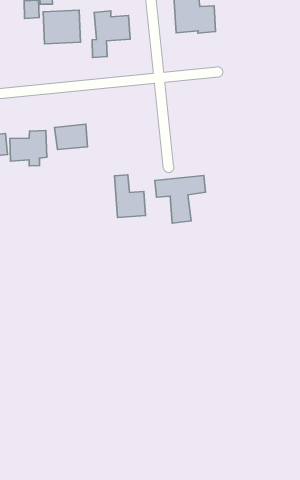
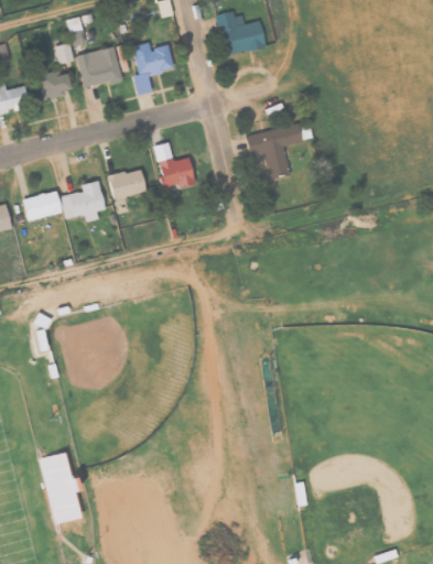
building: none -> [39,69,72,98]
building: [114,175,145,217] -> [154,142,194,189]
building: [155,176,206,223] -> [246,123,302,180]

